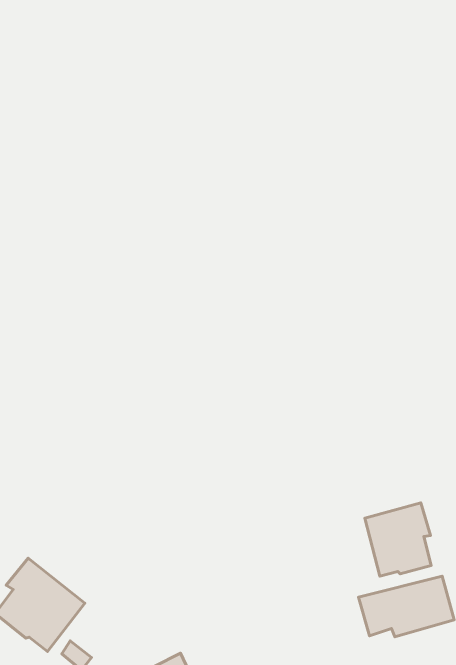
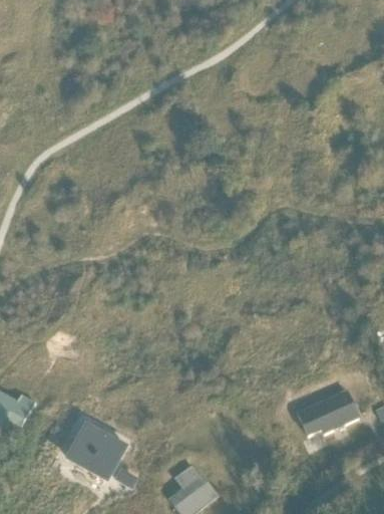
building: [365,503,431,576] -> none

